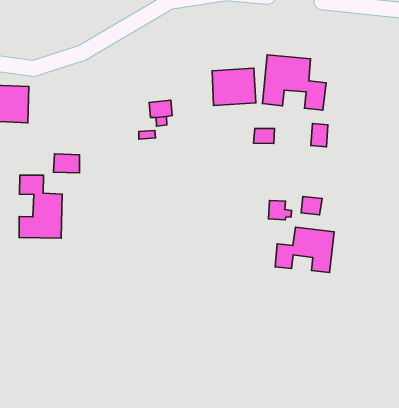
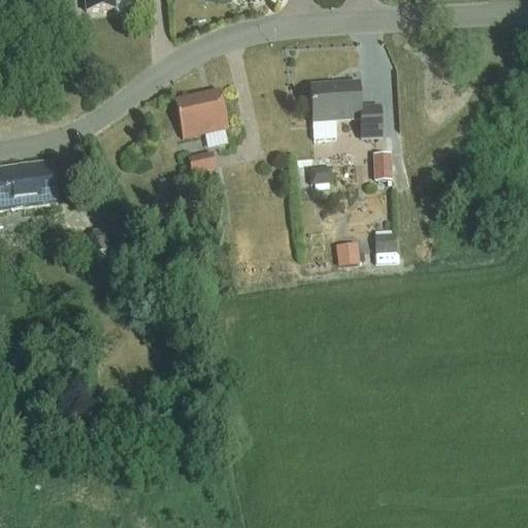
building: [212,68,256,106] -> [174,88,228,136]
building: [19,175,62,238] -> none
building: [275,227,334,272] -> none

